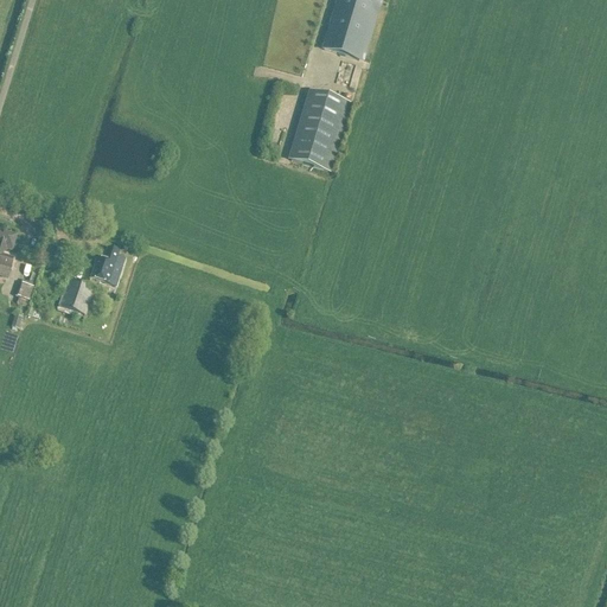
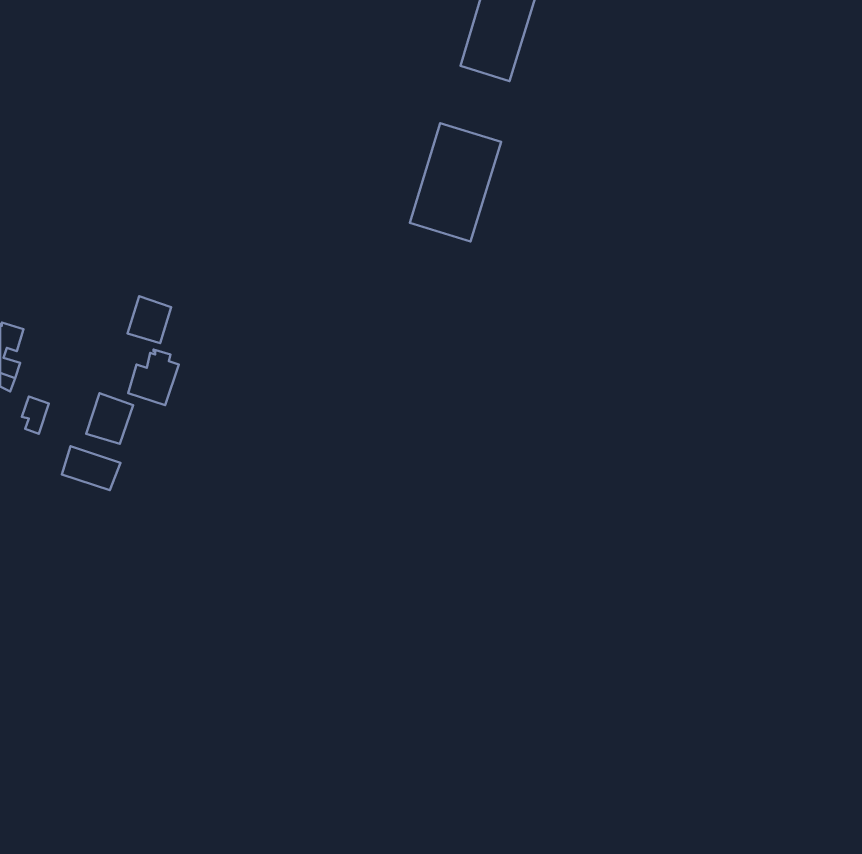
building: none -> [127,296,171,343]
building: none -> [62,446,121,490]

